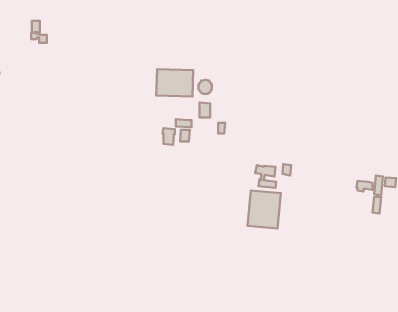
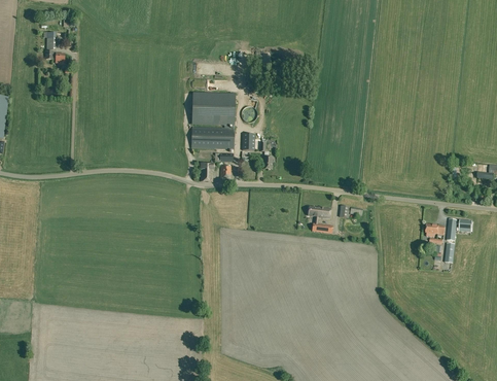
building: none -> [191,126,235,148]
building: [247,190,281,229] -> none

